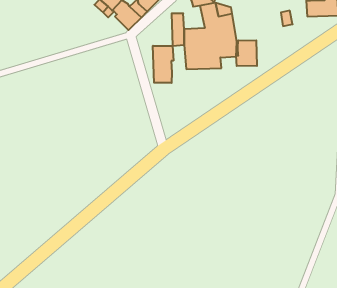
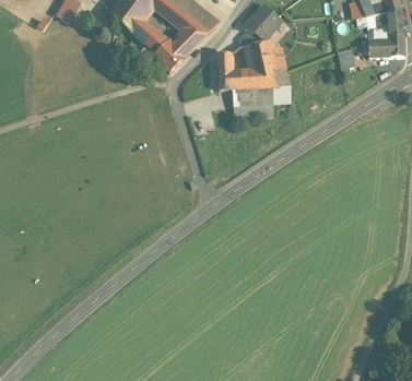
building: [236,40,257,66] -> none
building: [153,46,173,83] -> none

